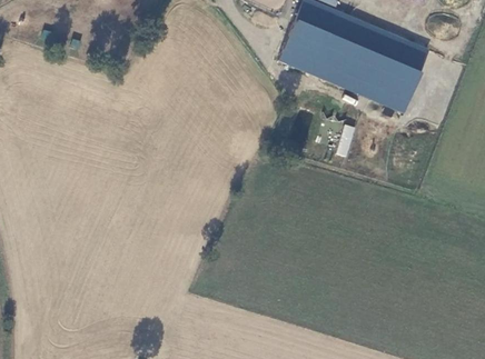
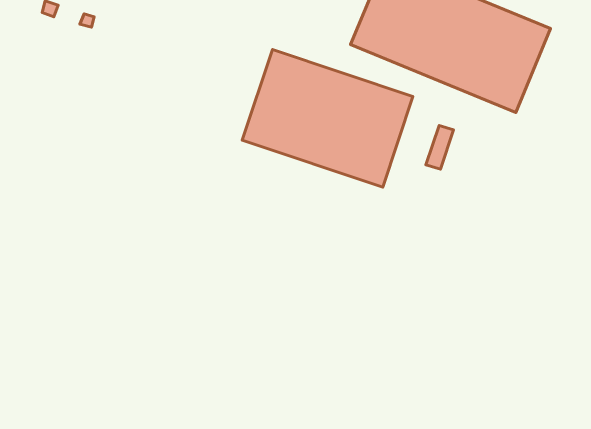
building: none -> [242,50,413,187]

